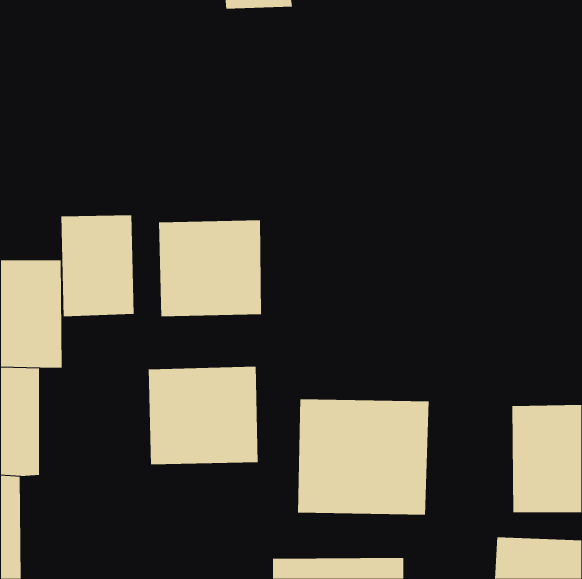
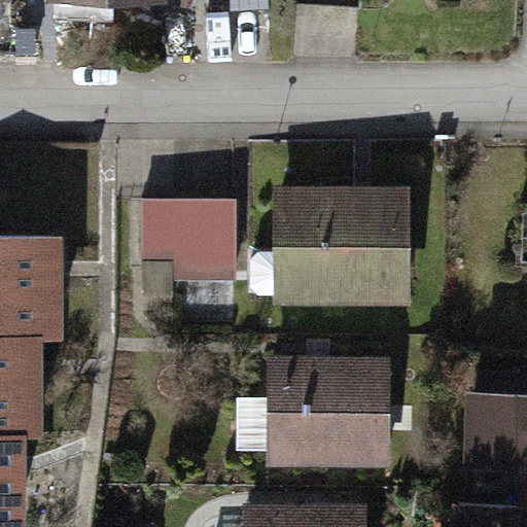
building: none -> [278,186,409,307]
building: [61,214,134,317] -> none
building: [148,366,258,465] -> none

